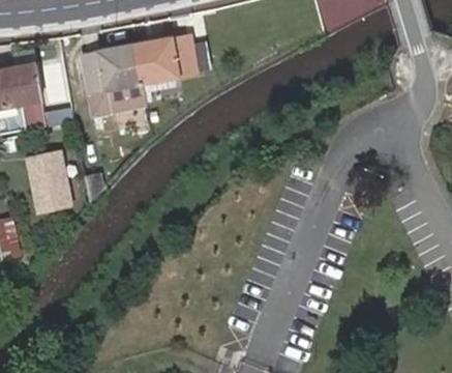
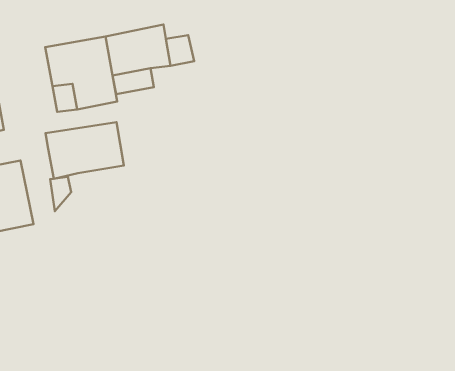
building: none -> [45,122,124,179]

